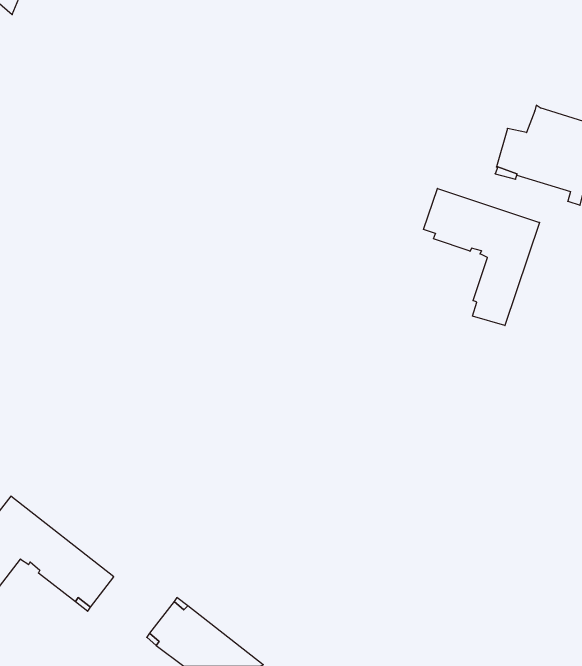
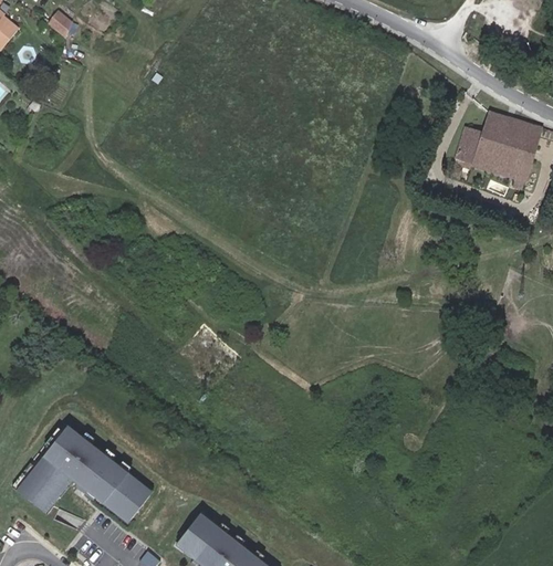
building: [423,188,540,326] -> none

